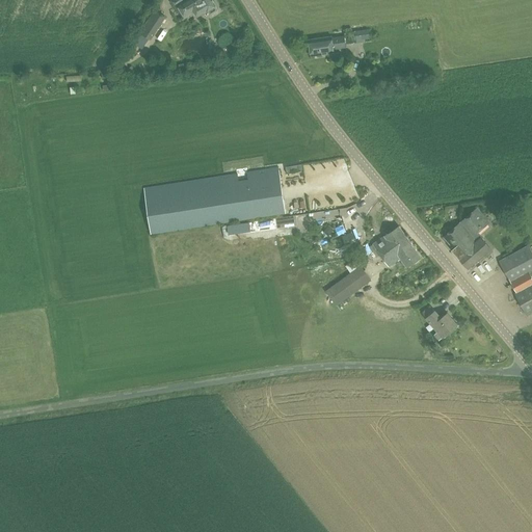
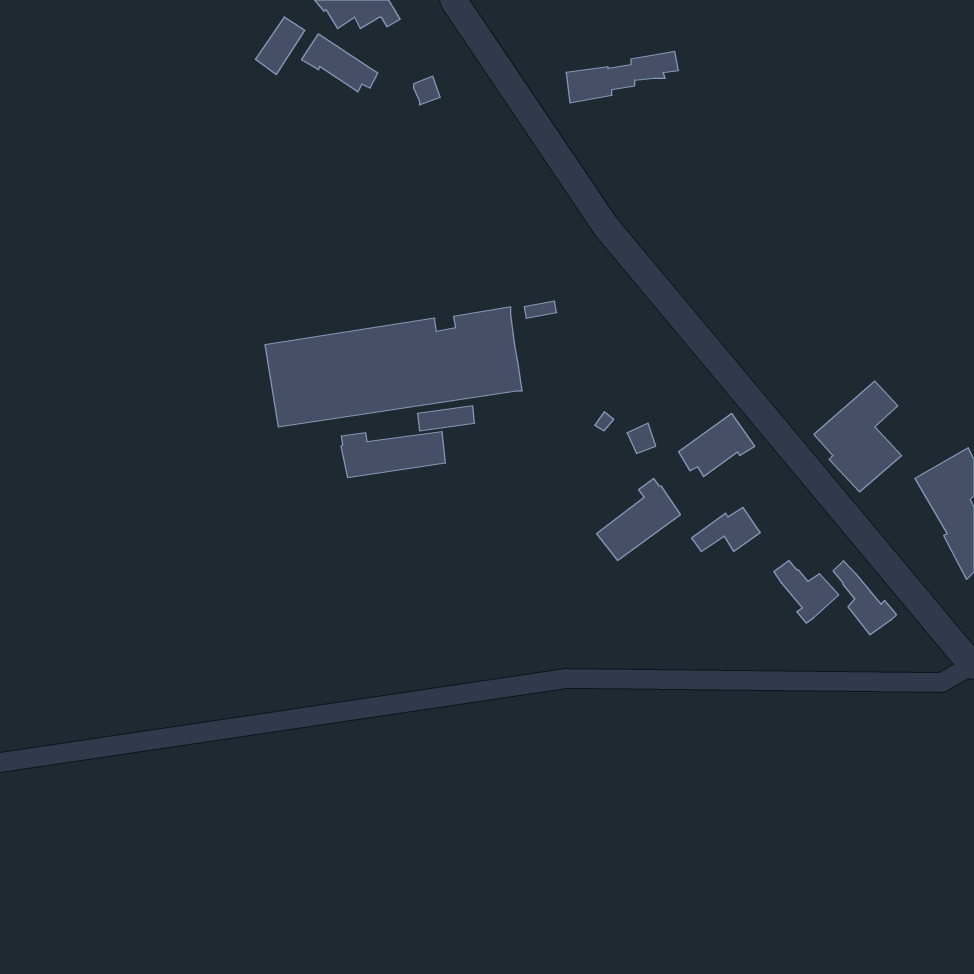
building: none -> [302,34,378,92]
building: none -> [341,431,445,478]
building: [383,243,421,267] -> [692,508,760,551]
building: none -> [833,561,896,635]

